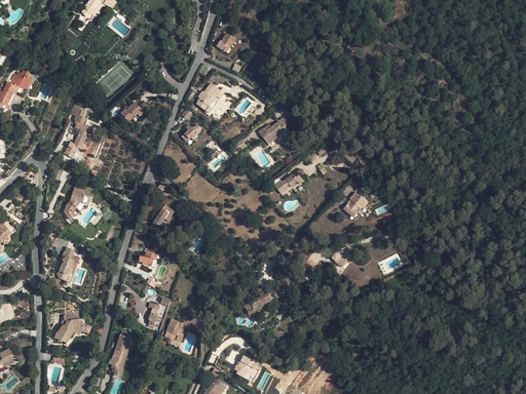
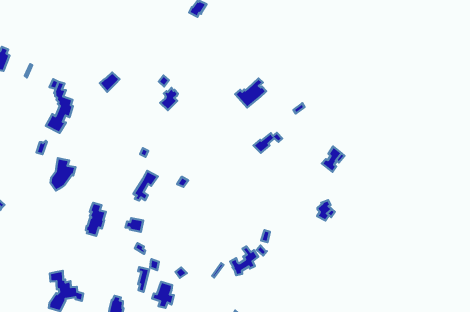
building: [195,83,226,113] -> none
building: [57,247,78,281] -> [86,203,106,236]

